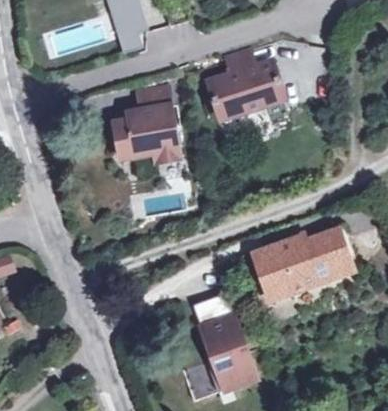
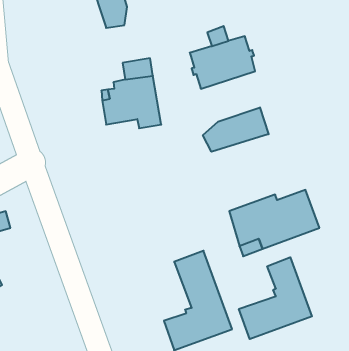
building: none -> [203,107,269,152]
building: none -> [239,257,312,339]

